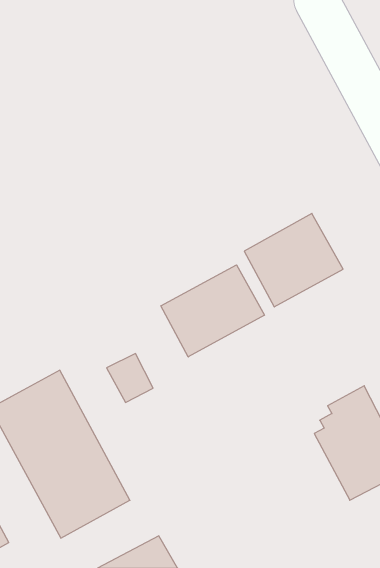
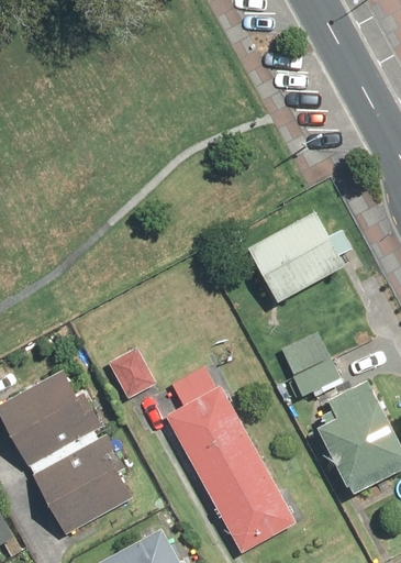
building: [161,265,264,357] -> none
building: none -> [282,334,341,396]
building: none -> [166,365,294,552]

